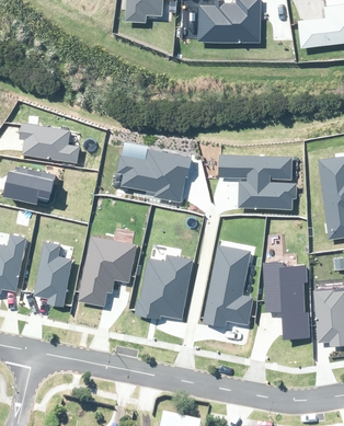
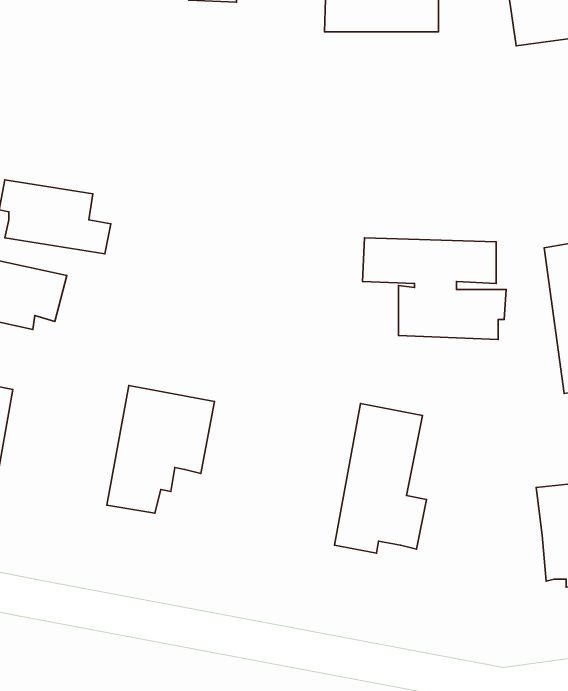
building: [115,149,192,202] -> none
building: [33,241,72,308] -> none
building: [135,254,194,320] -> none
building: [262,261,310,338] -> none

